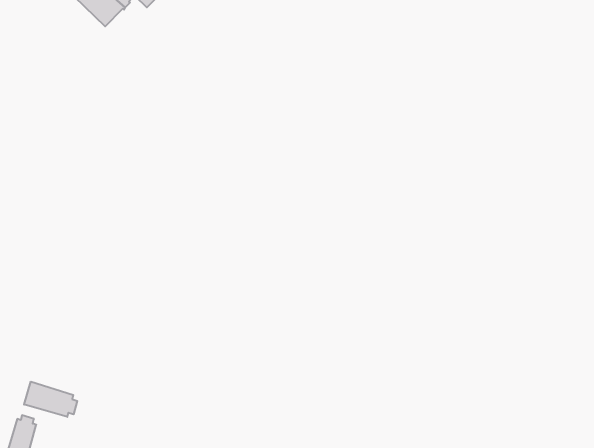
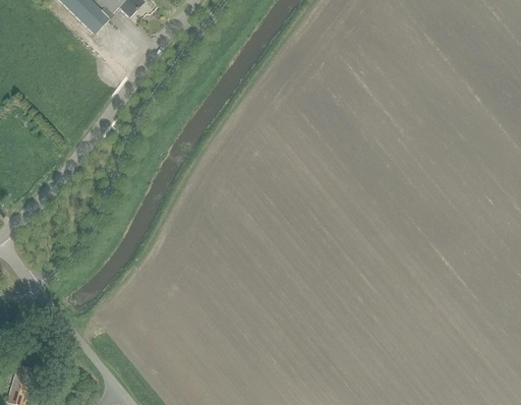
building: [24,382,77,417] -> none

